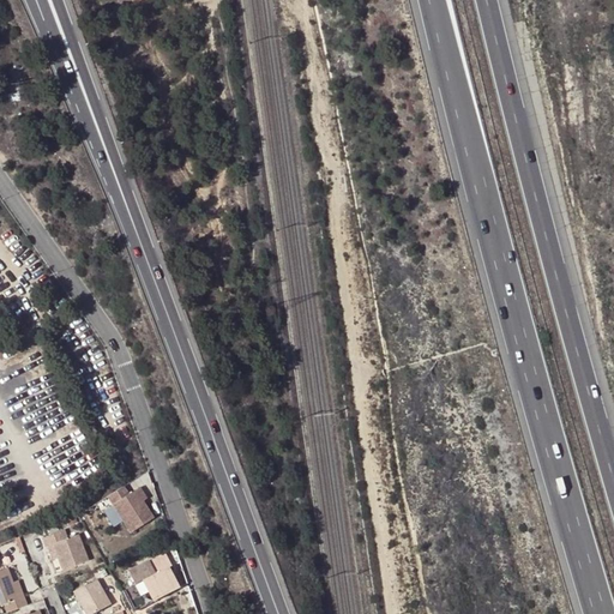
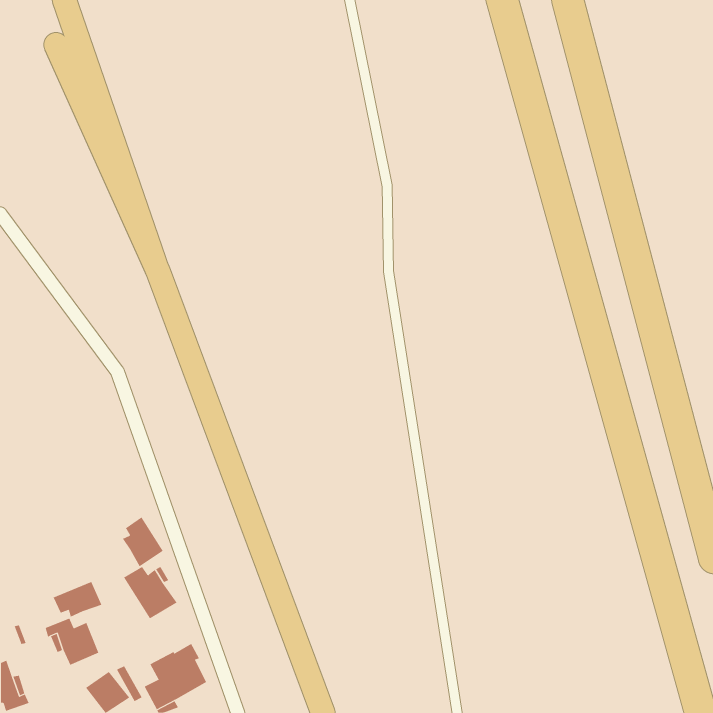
building: none -> [122,517,163,567]
building: none -> [53,581,102,617]

